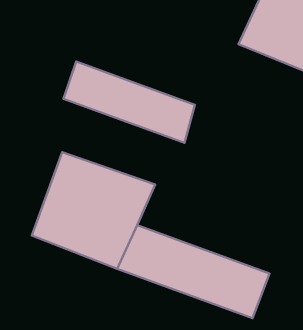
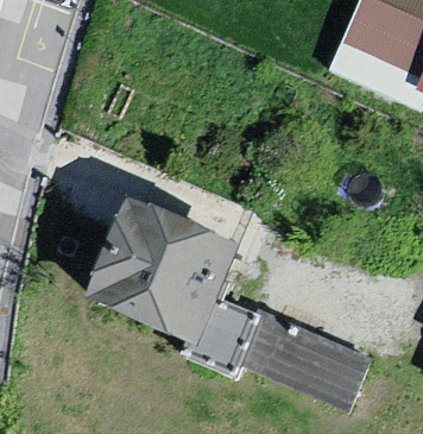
building: [64,62,195,143] -> none

